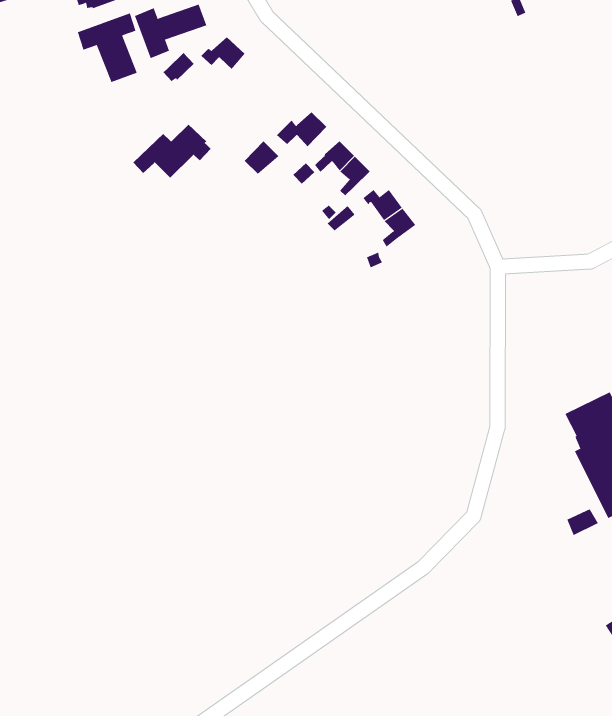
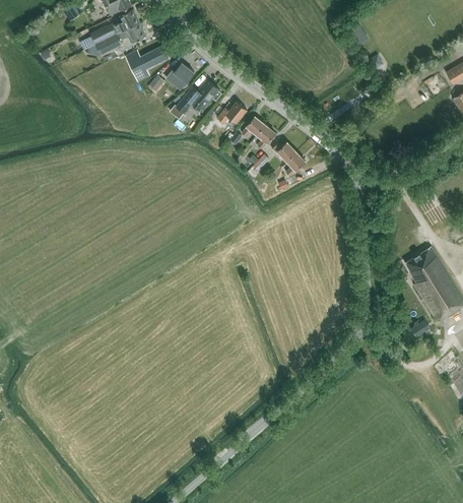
building: [77,12,138,83] -> none
building: [132,124,212,179] -> [177,80,222,114]

